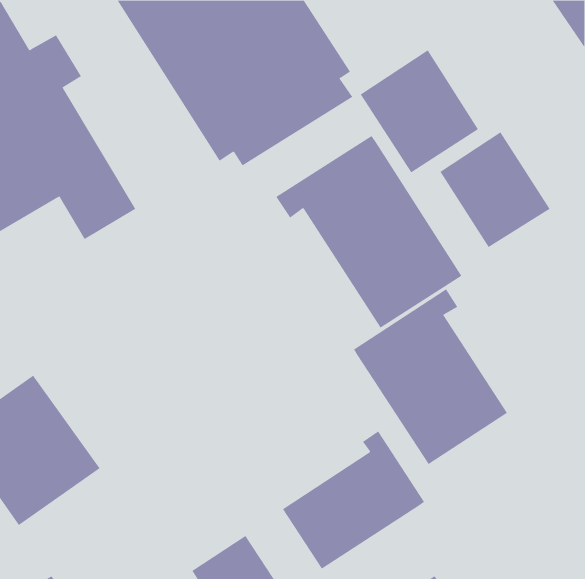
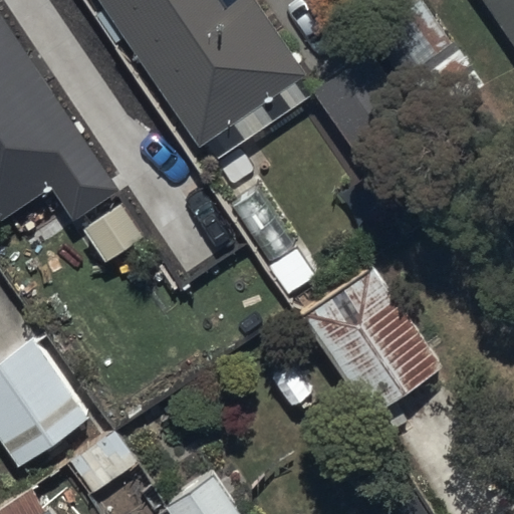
building: [275,135,462,328] -> none
building: [282,431,425,570] -> none

